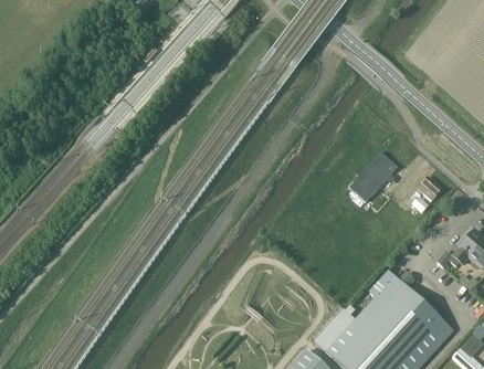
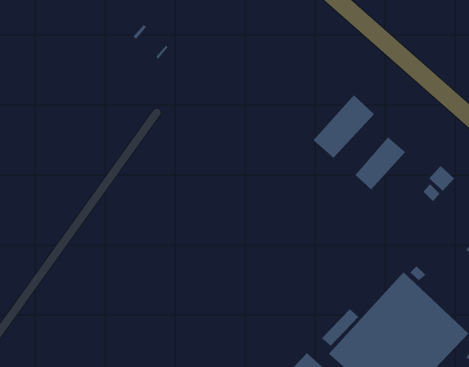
building: none -> [313,95,375,158]

